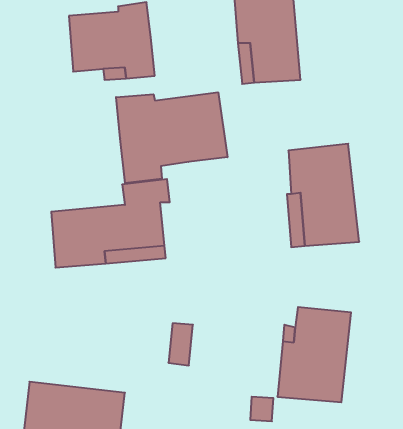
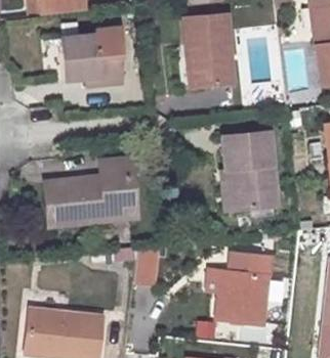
building: [116,92,227,183] -> none

